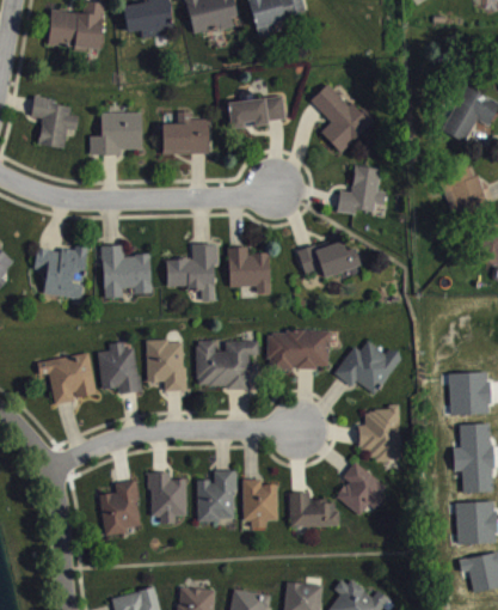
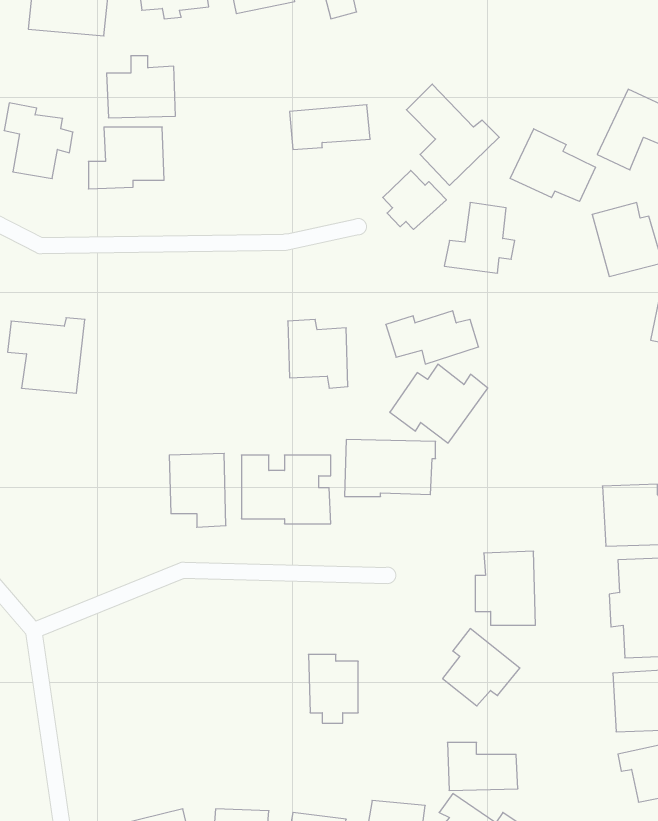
building: [161,112,209,155] -> [107,56,175,118]
building: none -> [510,129,595,201]
building: none -> [383,170,446,229]
building: [166,245,215,303] -> none
building: [102,246,152,299] -> none
building: [334,341,402,396] -> [390,364,488,443]
building: [98,343,140,395] -> none
building: [37,354,97,405] -> none
building: [196,471,235,521] -> none
building: [150,474,186,525] -> none
building: [100,481,141,537] -> none
building: [289,494,338,527] -> [447,742,518,790]

